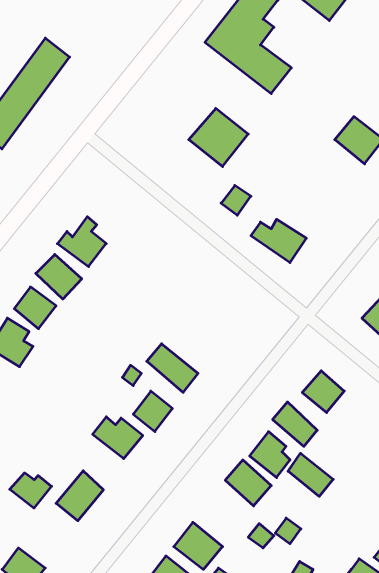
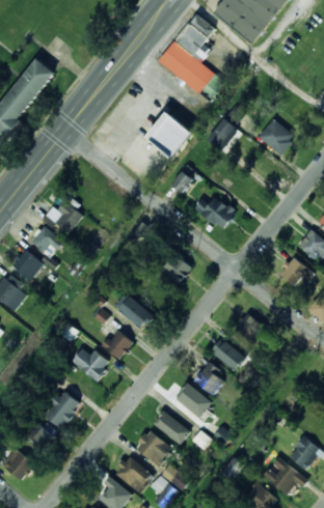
building: none -> [207,118,239,151]
building: none -> [158,252,191,283]
building: [288,453,333,496] -> none
building: [10,473,52,508] -> [24,421,56,448]
building: none -> [152,412,190,444]

